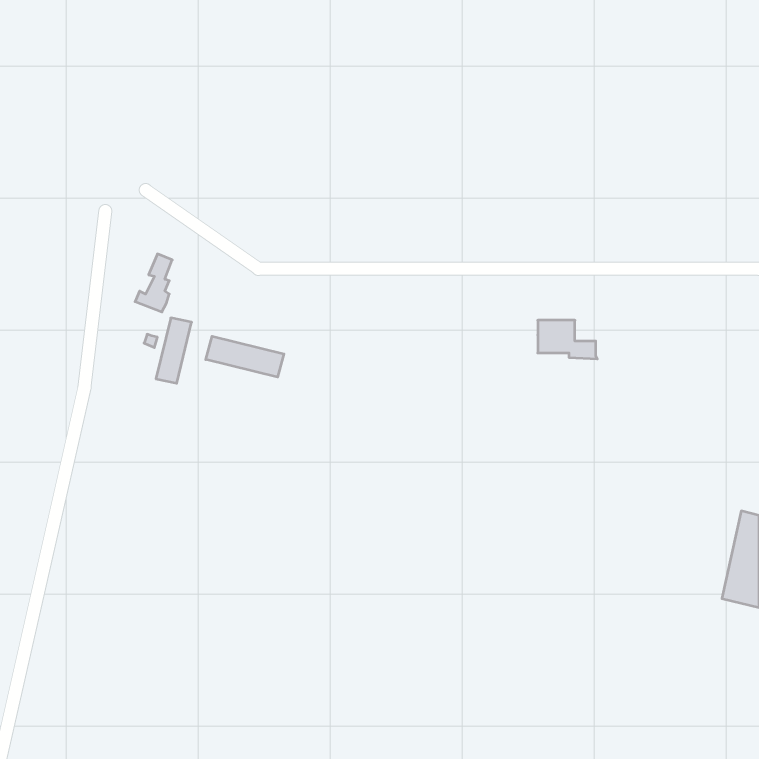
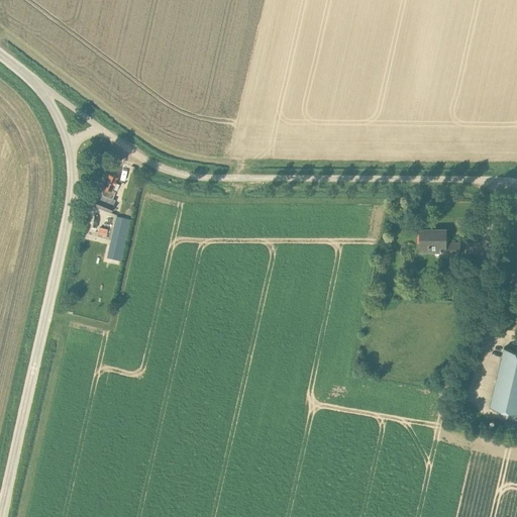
building: [538,320,597,359] -> [420,229,460,255]
building: [206,336,284,377] -> none

